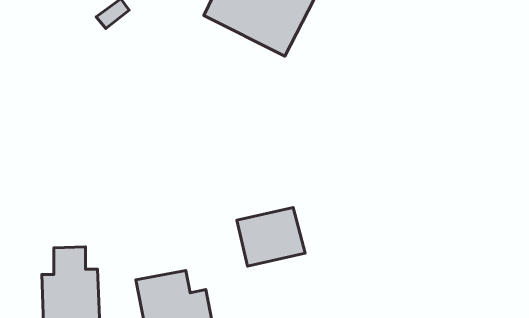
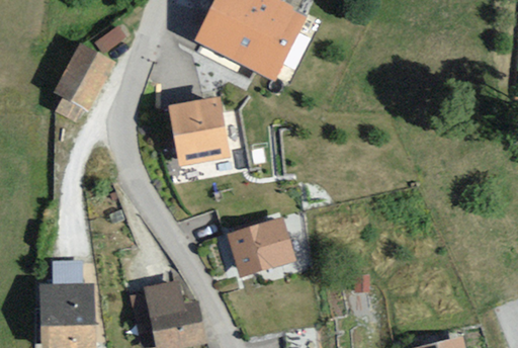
building: none -> [55,42,115,108]
building: none -> [166,94,231,168]

